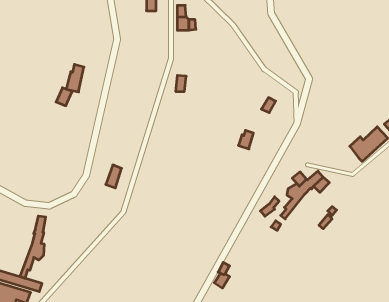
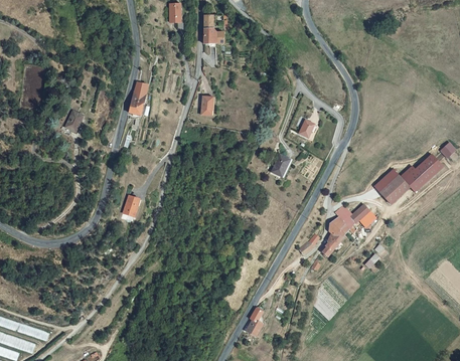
building: [66,64,84,92] -> [128,84,148,116]
building: none -> [373,169,410,205]
building: [20,216,46,278] -> none

